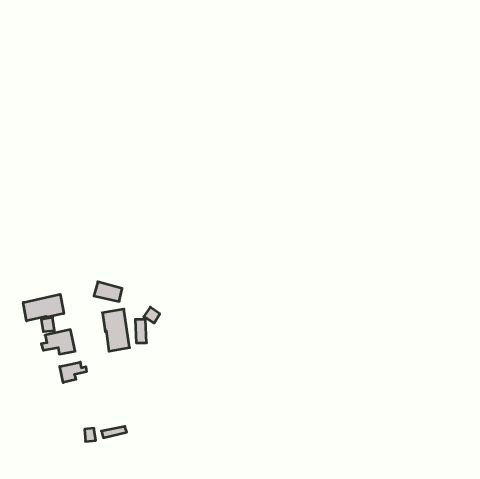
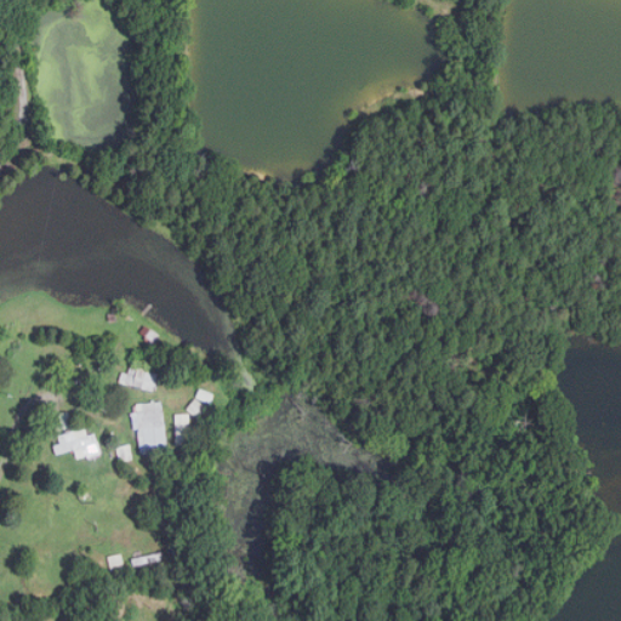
building: [23,294,64,321] -> none
building: [60,362,86,383] -> none

